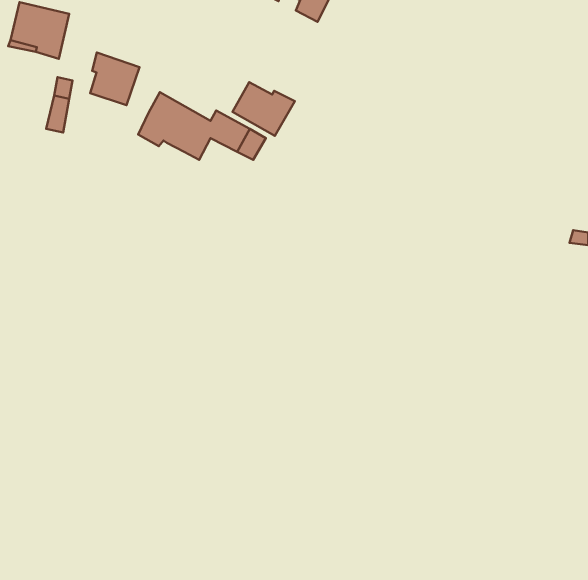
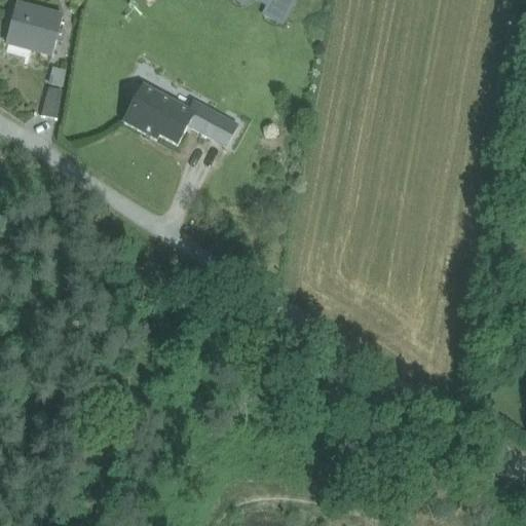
building: [90,53,140,105] -> none
building: [233,82,295,136] -> none

